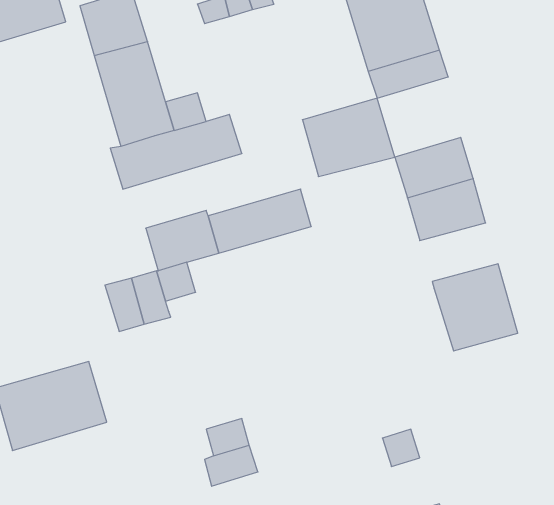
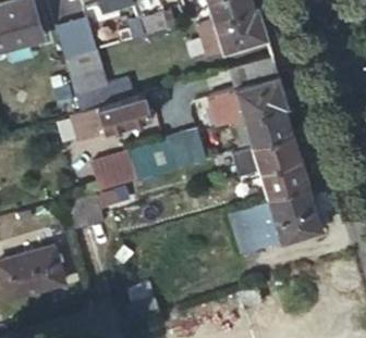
building: none -> [233,72,288,121]
building: none -> [259,161,307,197]
building: none -> [231,201,280,251]

